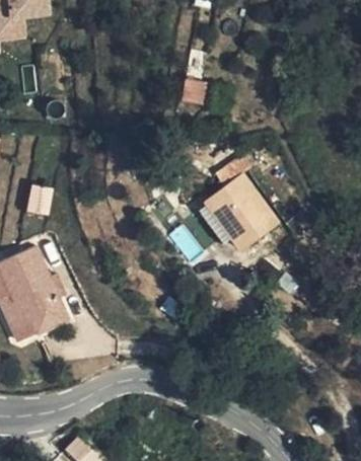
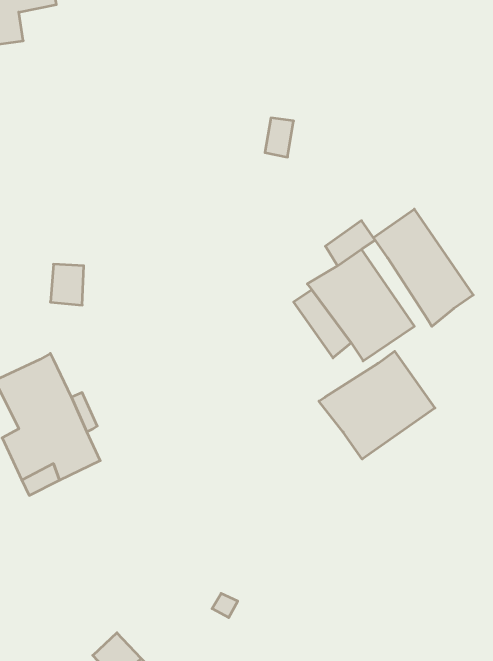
building: none -> [373,209,473,326]
building: none -> [319,351,435,459]

